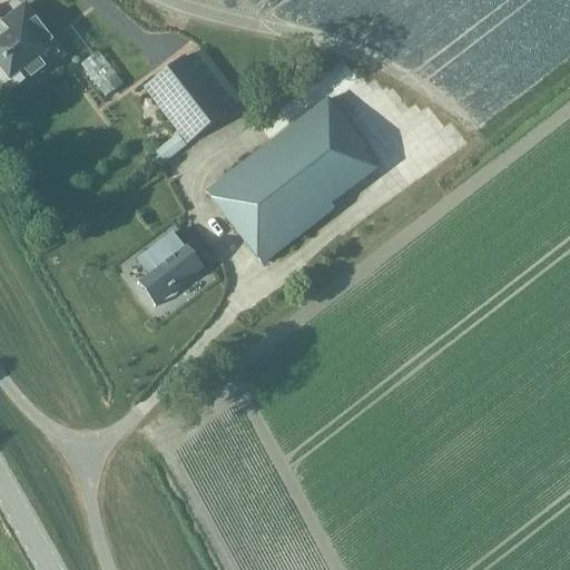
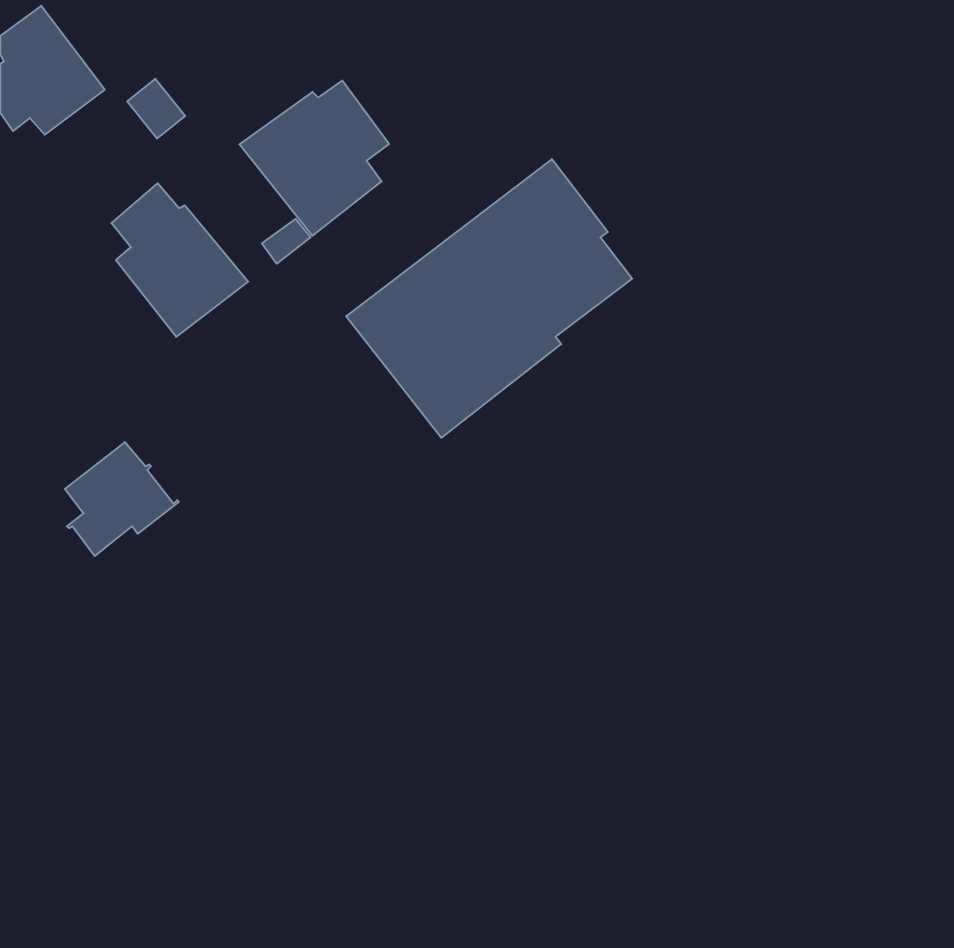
building: none -> [111,183,248,337]
building: [137,230,205,298] -> [65,442,179,556]

